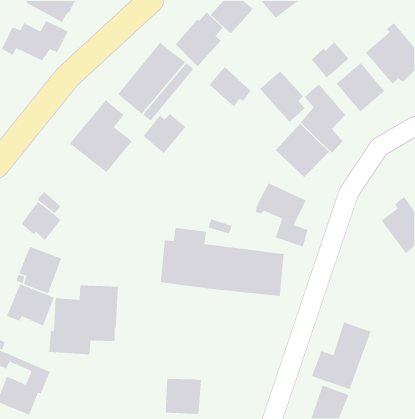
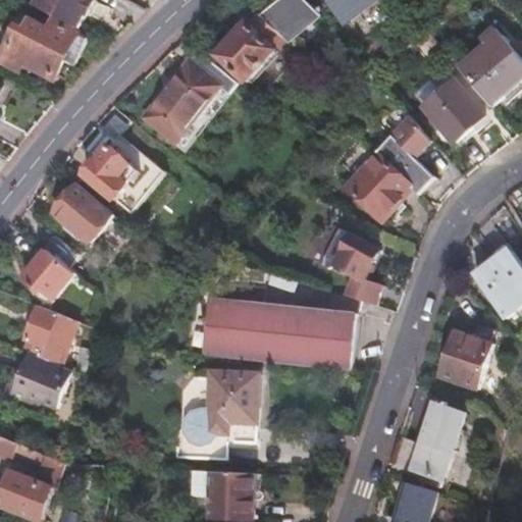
building: [311,41,349,78] -> none
building: [209,66,251,108] -> none
building: [259,70,306,123] -> none
building: [143,113,186,154] -> none
building: none -> [54,187,113,249]
building: none -> [436,335,495,389]
building: [48,285,119,355] -> [169,370,257,458]

